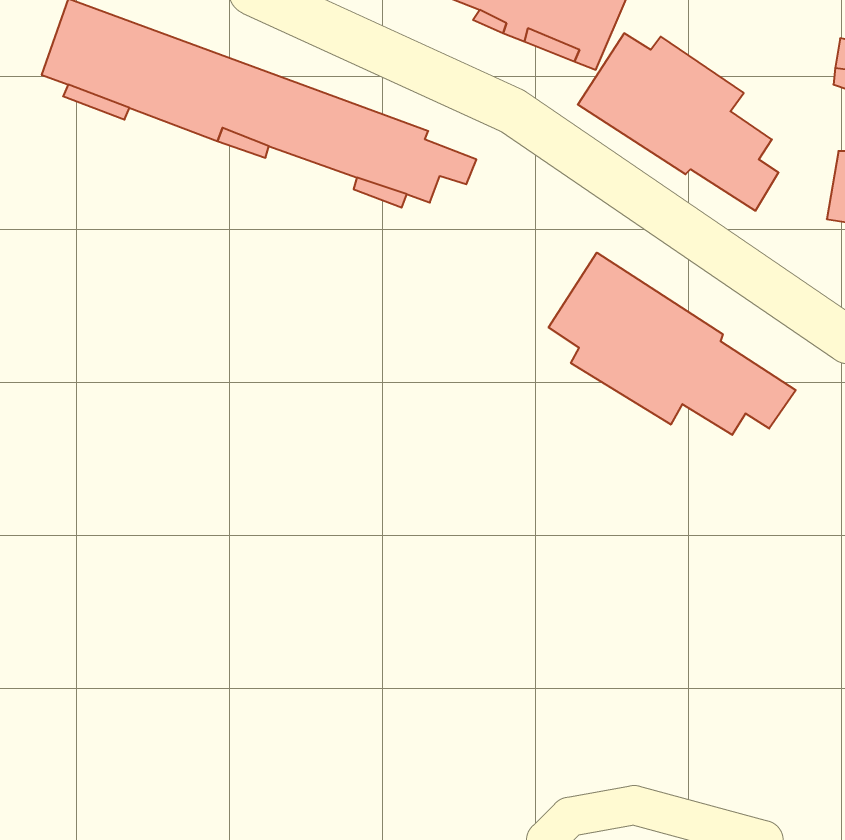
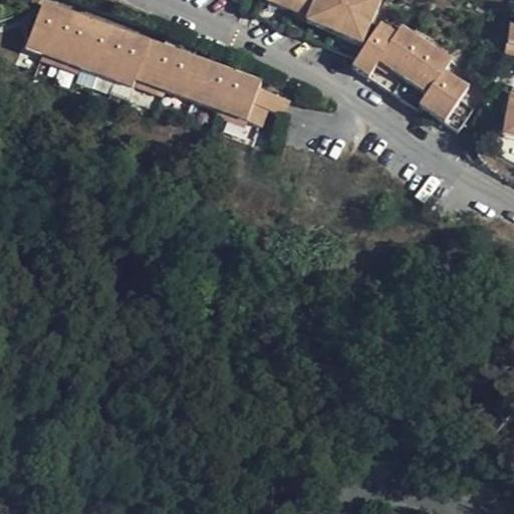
building: [549,253,796,435] -> none

